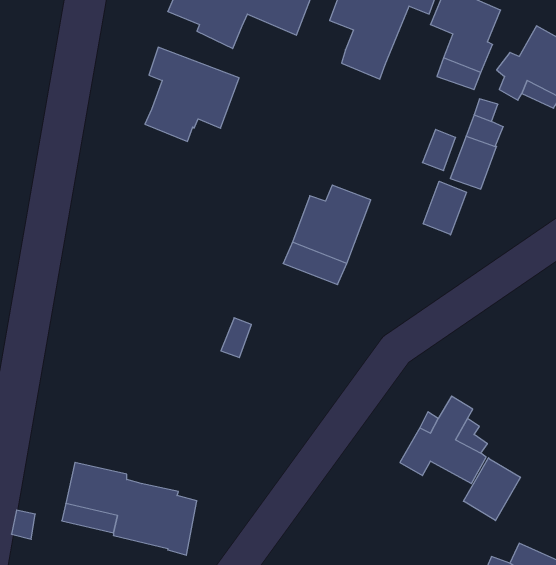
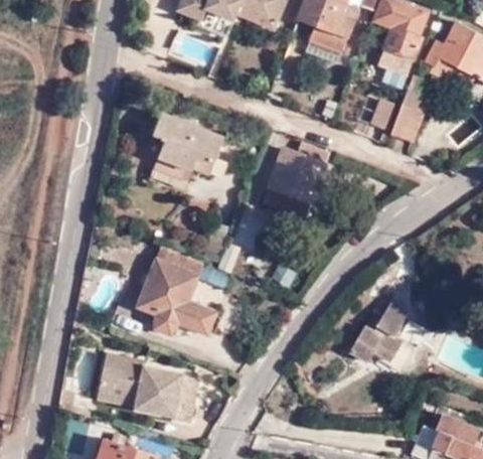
building: [145,47,239,141] -> [151,113,222,184]
building: [423,181,466,235] -> none
building: none -> [136,246,216,335]
building: [463,458,520,521] -> none

